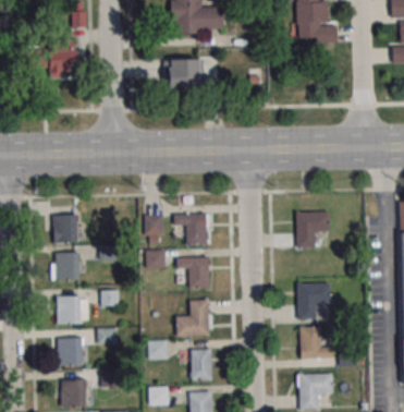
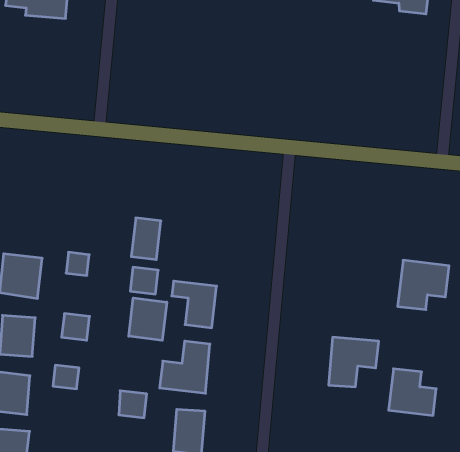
building: [168,60,204,88] -> none
building: [296,213,330,246] -> [398,260,449,310]
building: [53,214,78,243] -> none
building: [174,214,208,244] -> none
building: none -> [129,298,167,340]
building: [299,328,332,359] -> [389,369,436,415]

